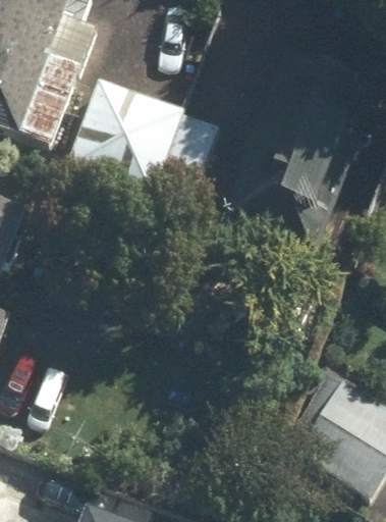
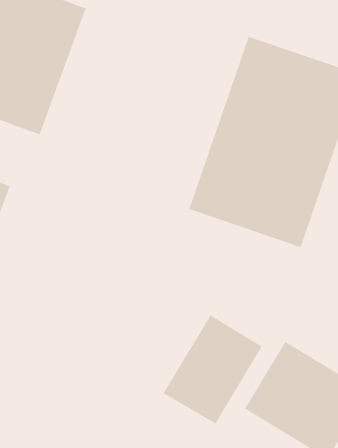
building: [64,76,219,178] -> none
building: none -> [163,315,262,425]

